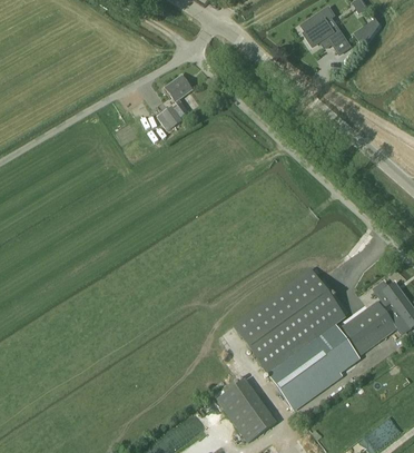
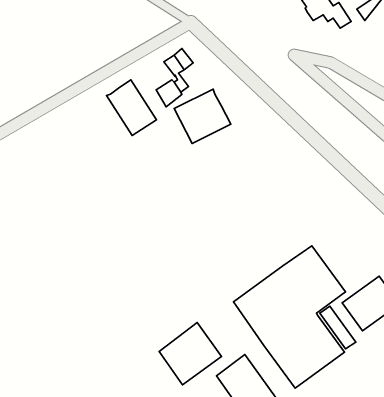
building: none -> [107,80,156,135]
building: none -> [174,89,231,144]
building: none -> [159,323,222,385]

